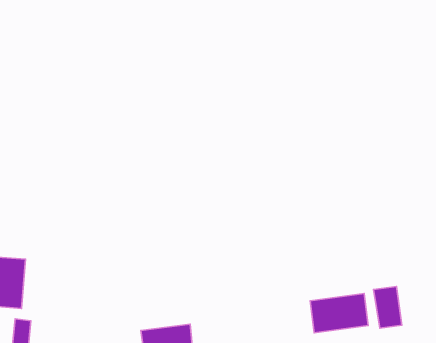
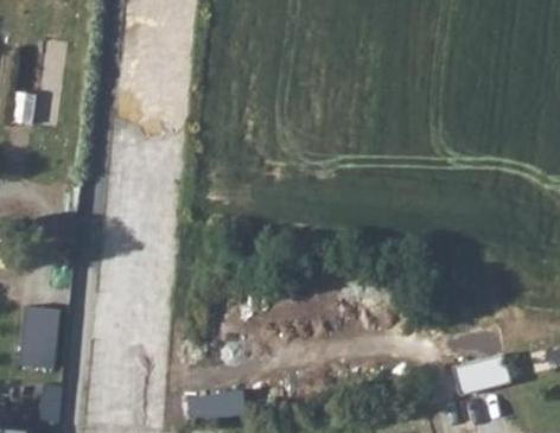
building: [310,293,368,333] -> none

